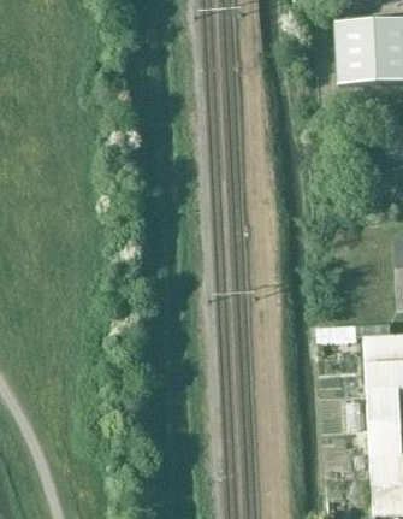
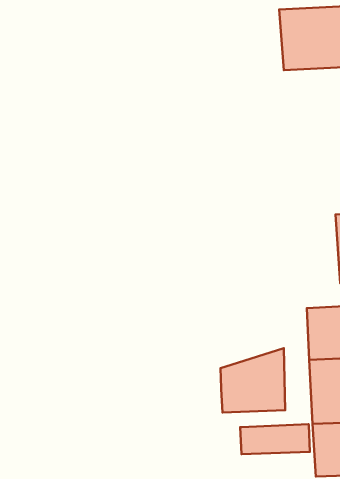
building: none -> [220,348,285,413]
building: none -> [240,424,310,454]

